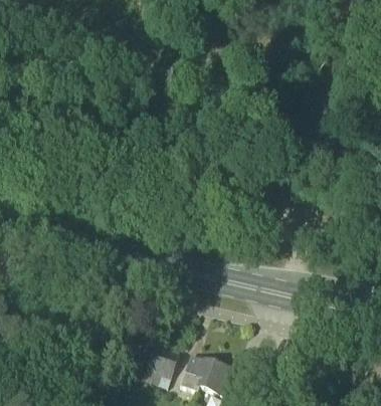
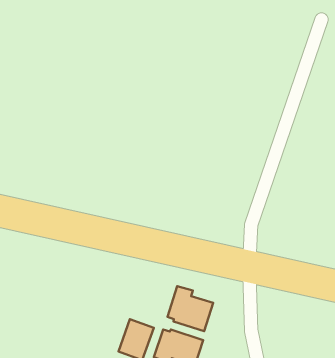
building: none -> [168,286,213,331]

